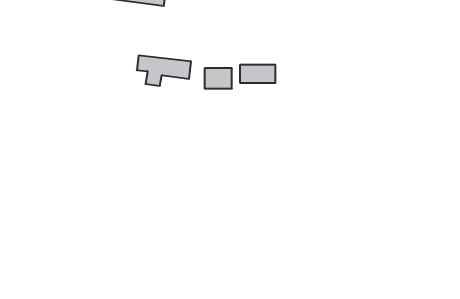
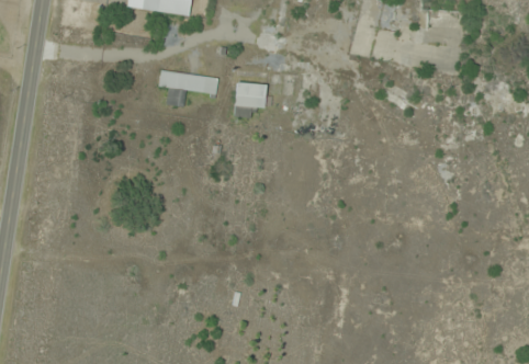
building: [240,65,275,83] -> none

